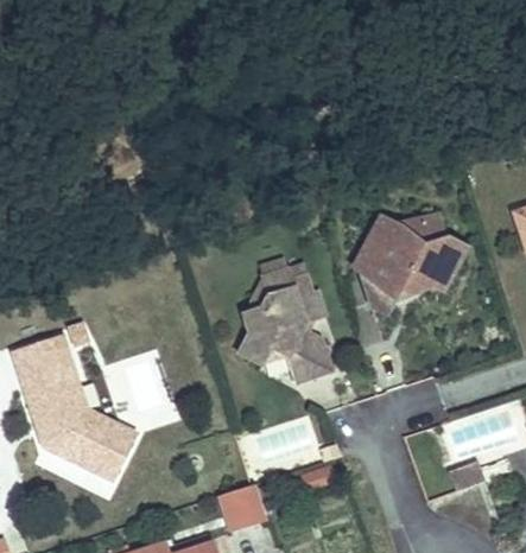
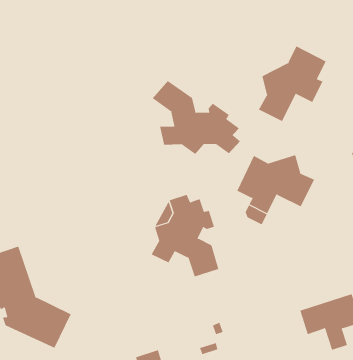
building: none -> [258,46,326,122]
building: none -> [152,80,241,155]

